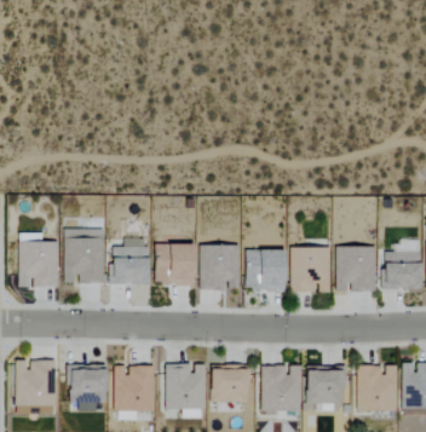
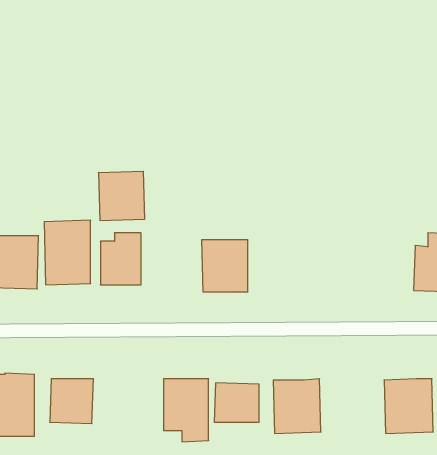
building: [155,242,195,284] -> [98,171,145,220]
building: [290,246,332,292] -> none
building: [336,246,376,292] -> none
building: [246,249,284,289] -> none
building: [115,365,155,419] -> none
building: [306,365,345,405] -> none

